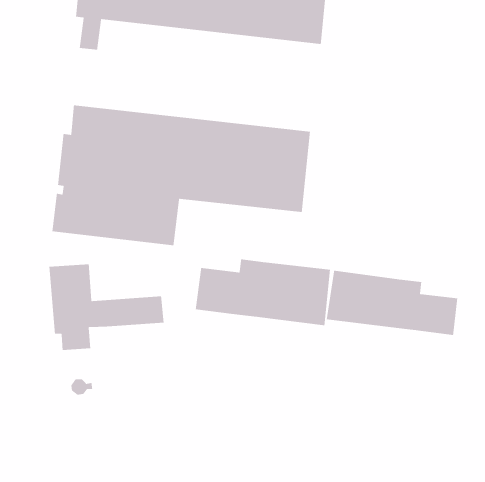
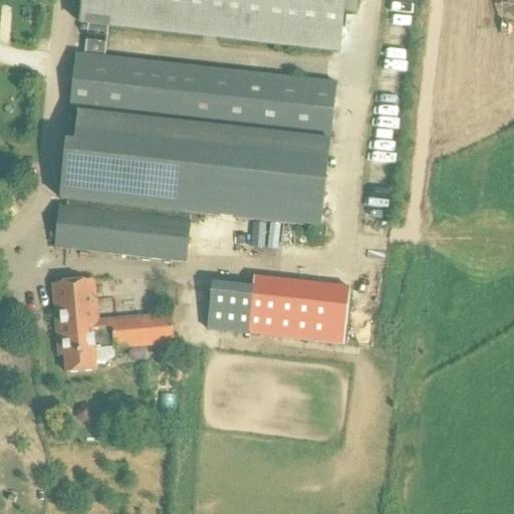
building: none -> [68,50,335,139]
building: [326,270,458,336] -> none

